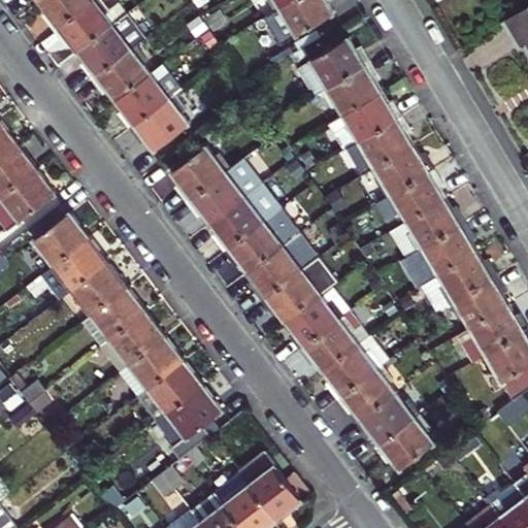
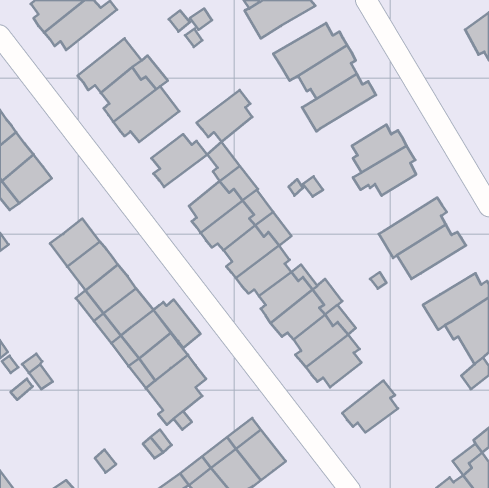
building: [71,12,143,84] -> none
building: [344,104,416,168] -> none
building: [176,168,236,224] -> [197,90,252,142]
building: [395,190,470,251] -> none
building: [35,212,89,264] -> none
building: [453,266,512,319] -> none
building: none -> [153,300,200,348]
building: [355,392,412,447] -> none

